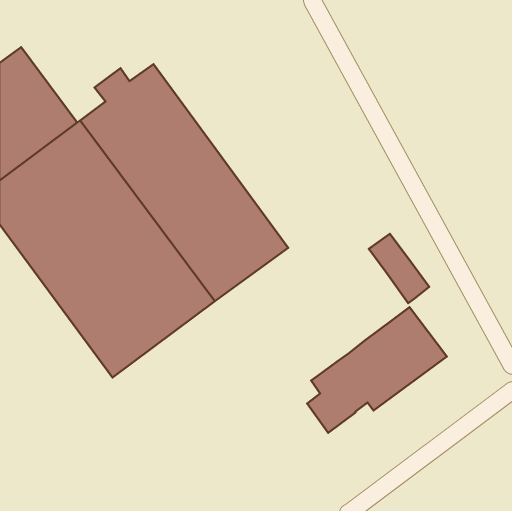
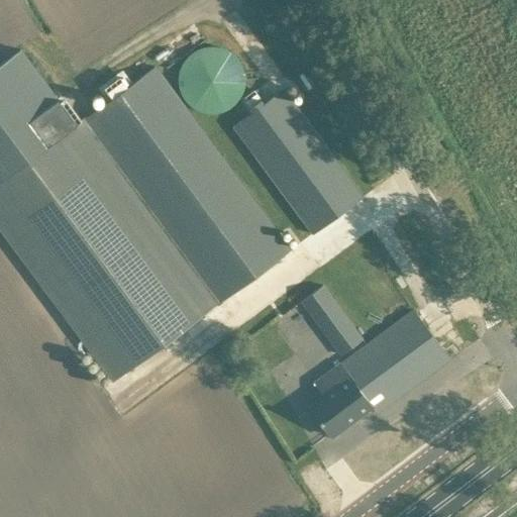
building: none -> [178,47,245,114]
building: none -> [231,92,361,236]
building: [369,234,429,303] -> [301,287,361,356]

